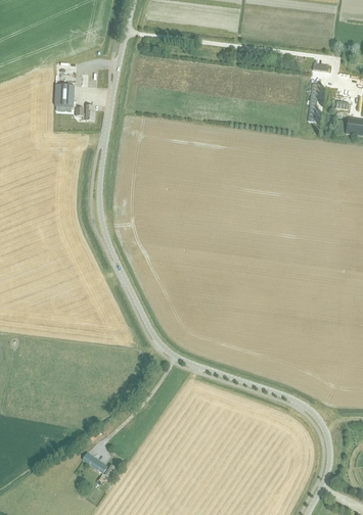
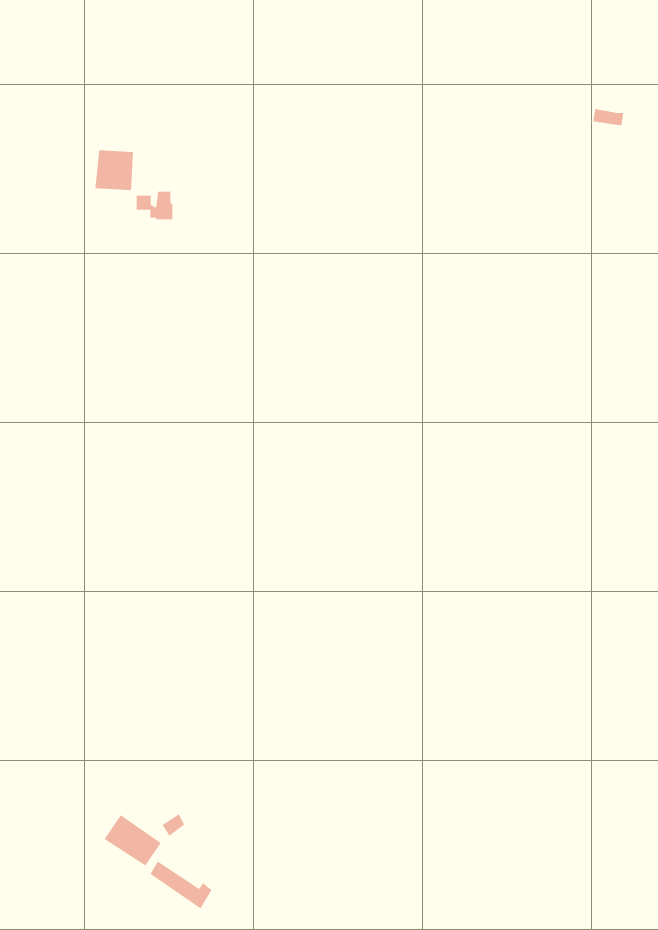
building: none -> [103,814,162,866]

